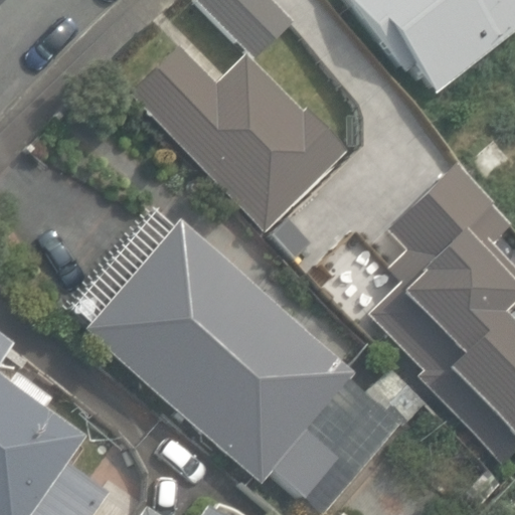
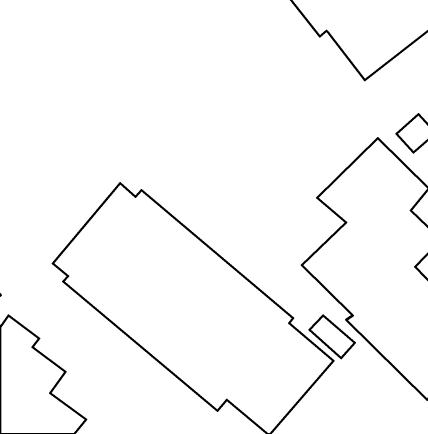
building: [130,45,348,227] -> none

